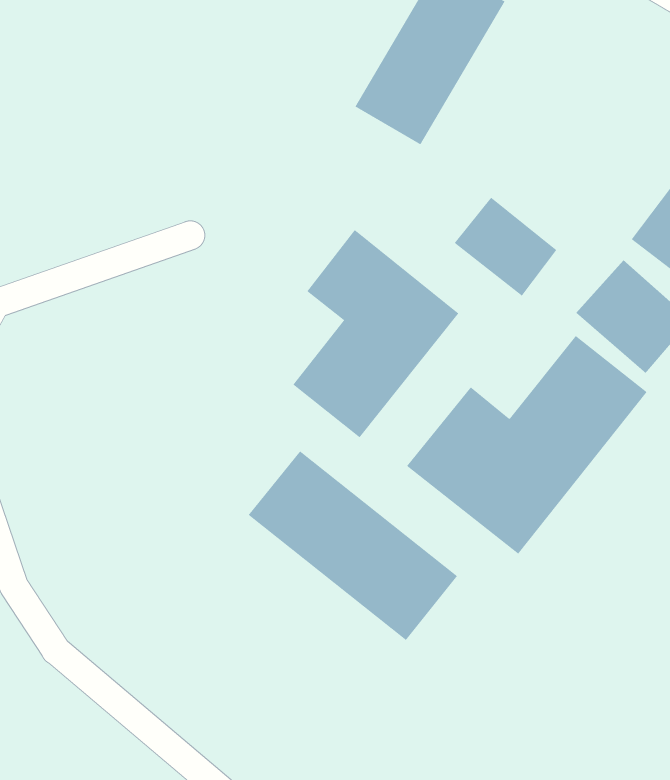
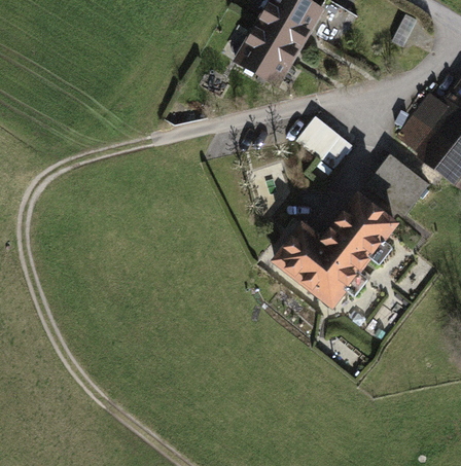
building: [292,229,459,438] -> none
building: [248,450,458,641] -> none

